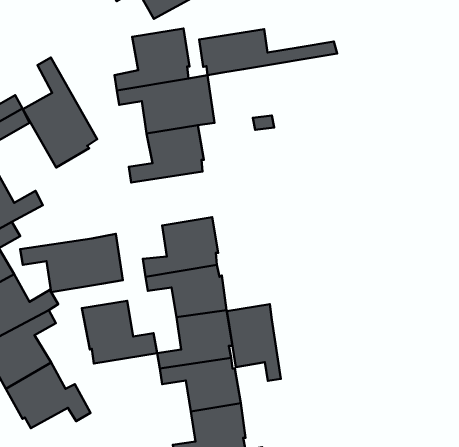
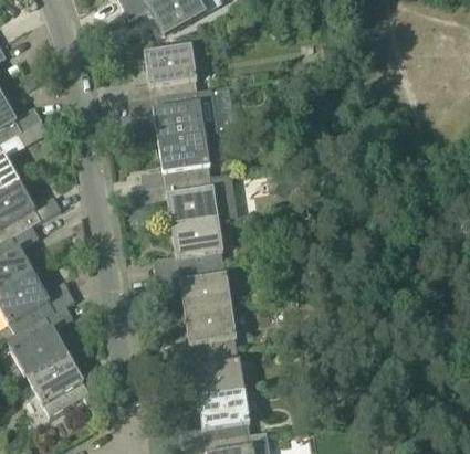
building: [199,29,337,75] -> none
building: [23,57,97,167] -> none
building: [20,234,123,292] -> [144,172,239,226]
building: [82,301,157,363] -> none
building: [227,304,281,381] -> none

